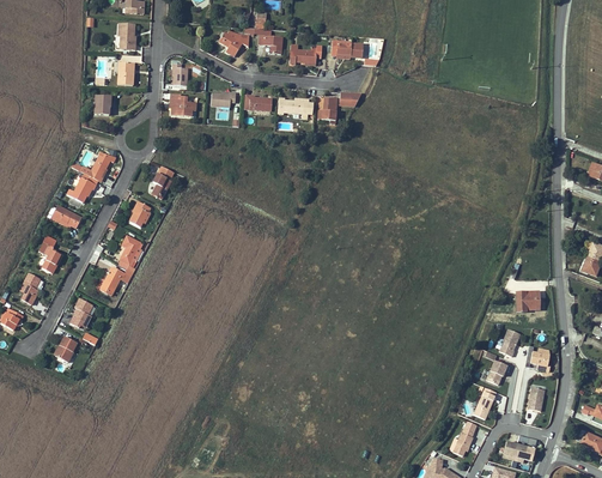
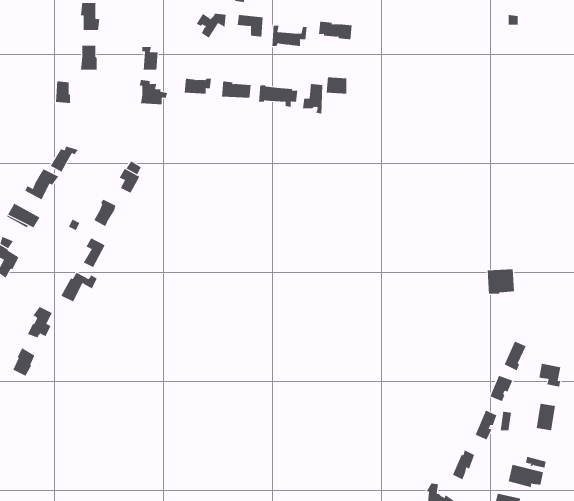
building: [516,288,541,310] -> [487,269,515,294]

